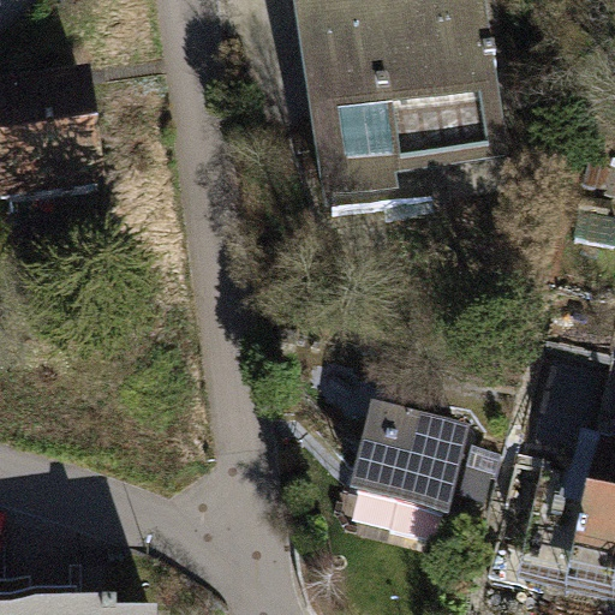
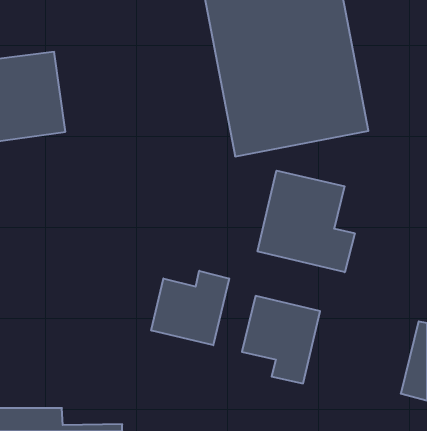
building: none -> [258,171,355,272]
building: none -> [151,271,229,345]

